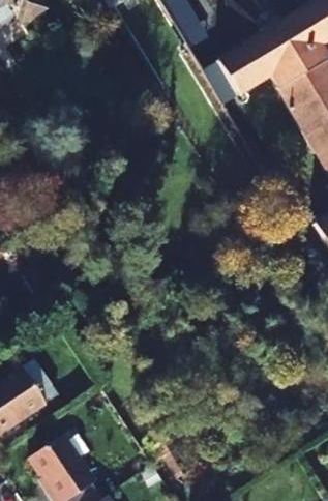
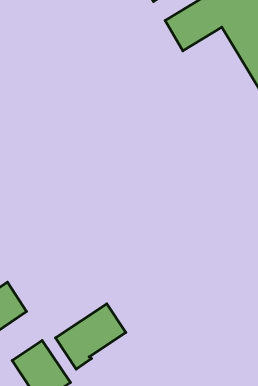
building: none -> [55,304,126,369]

